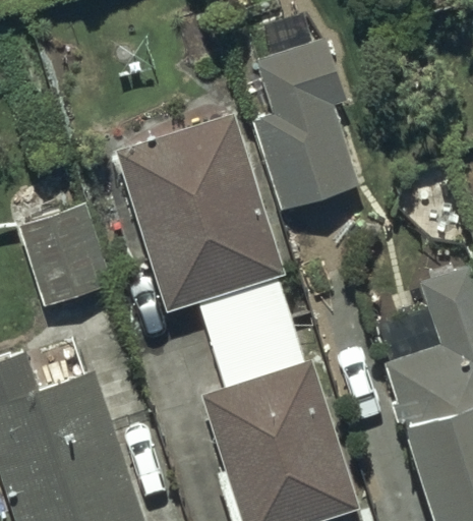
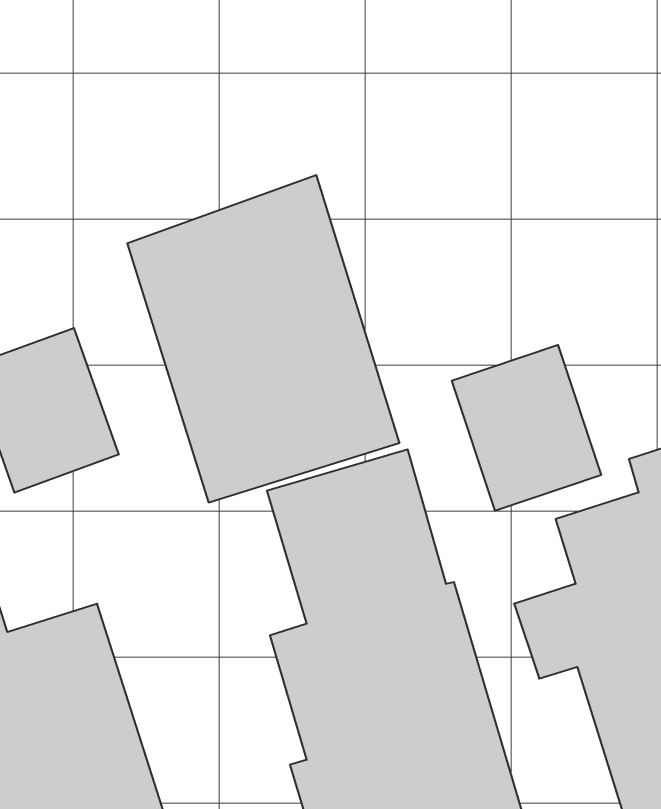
building: [253,12,361,211] -> none
building: none -> [452,345,601,511]

